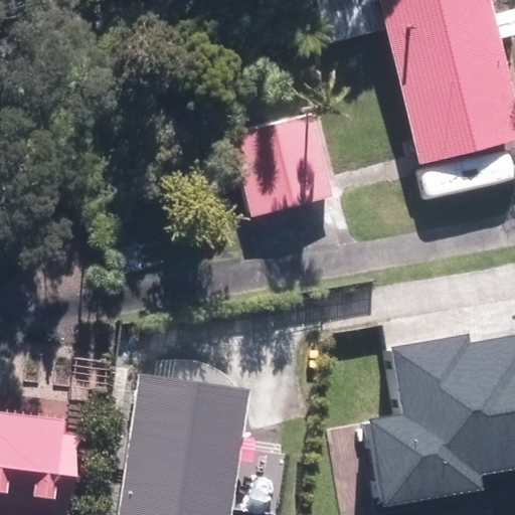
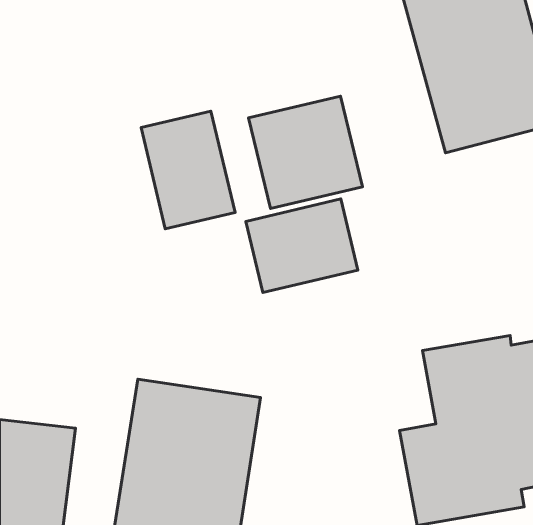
building: none -> [141,111,235,229]
building: none -> [246,199,358,292]

